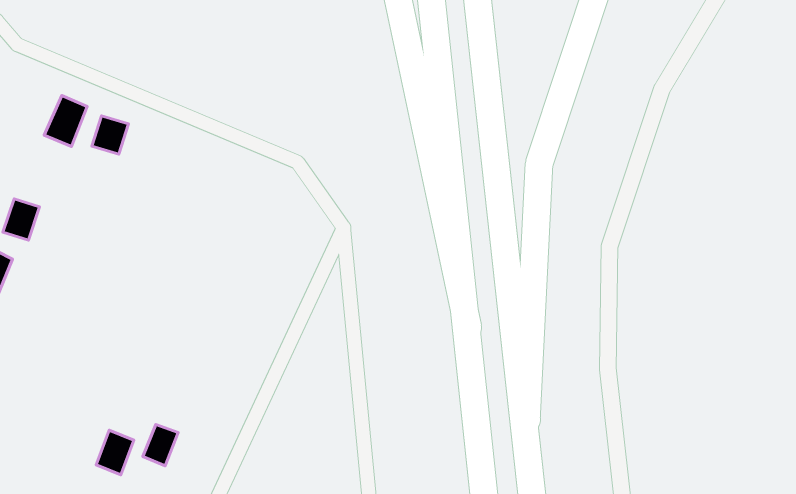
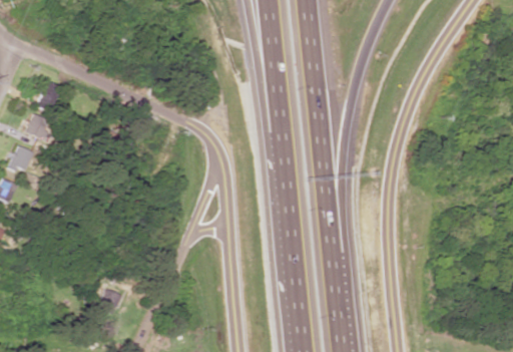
building: [92,116,128,154] -> [27,113,50,137]
building: [96,430,134,475] -> none

